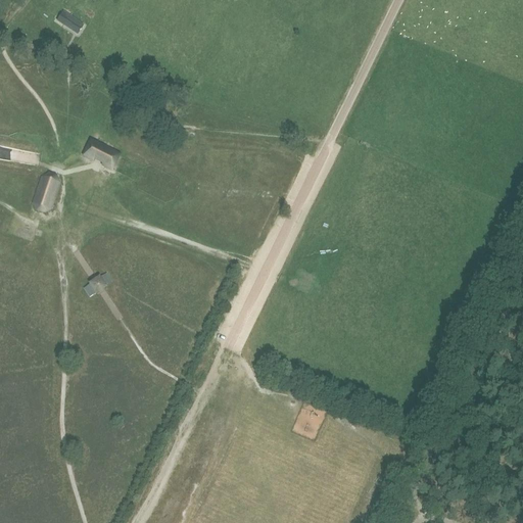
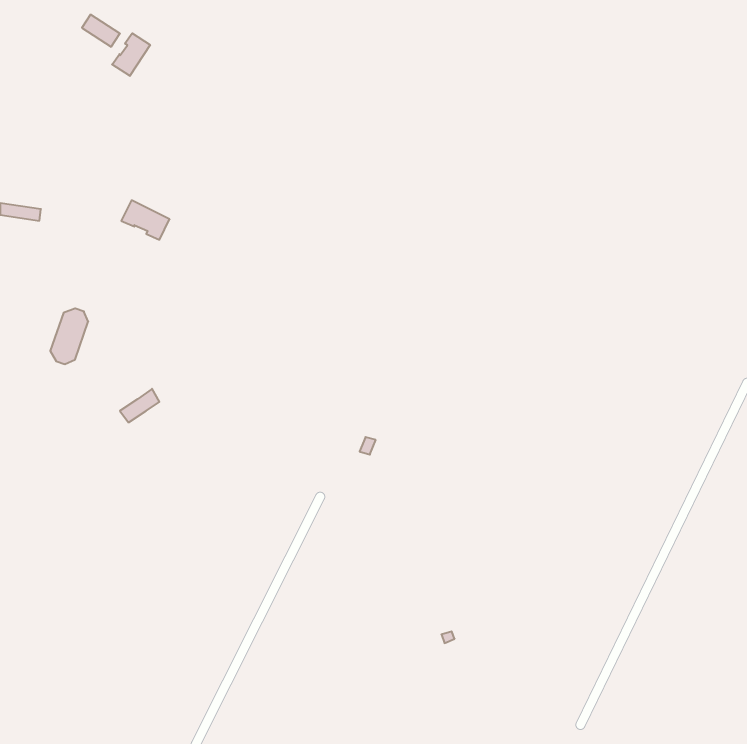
building: none -> [112,33,150,76]
building: [33,172,59,210] -> [50,308,88,364]

